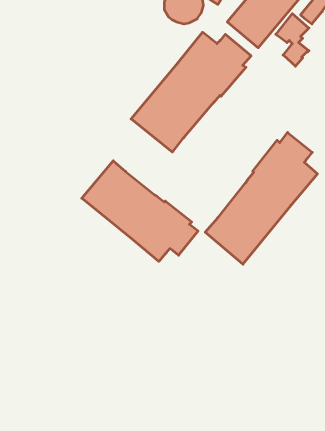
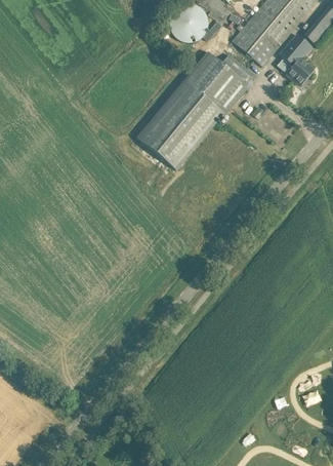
building: [205,132,317,264] -> none
building: [82,161,198,261] -> none

